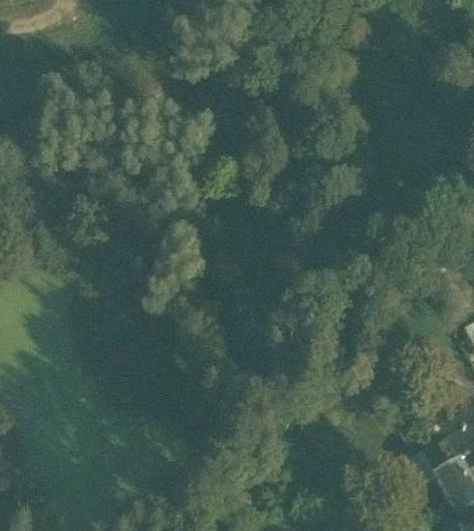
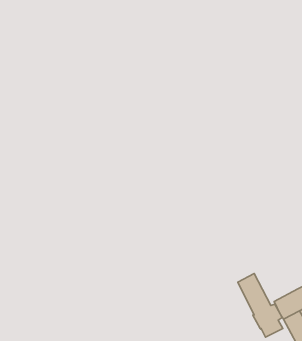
building: none -> [238,274,283,337]

